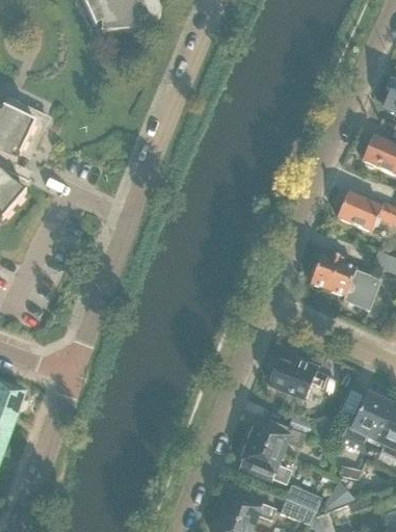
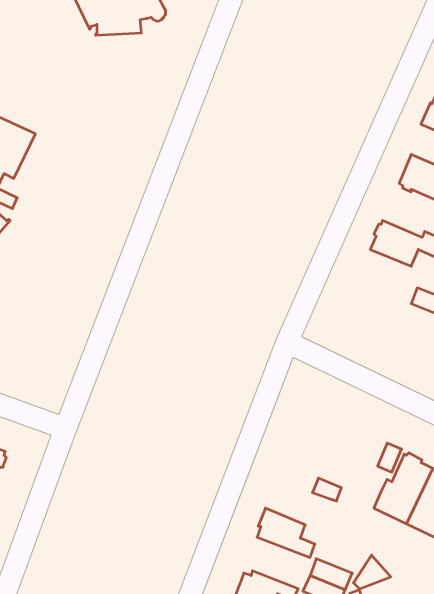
building: [310,251,380,309] -> none
building: [269,358,333,399] -> none
building: [246,417,303,454] -> none

